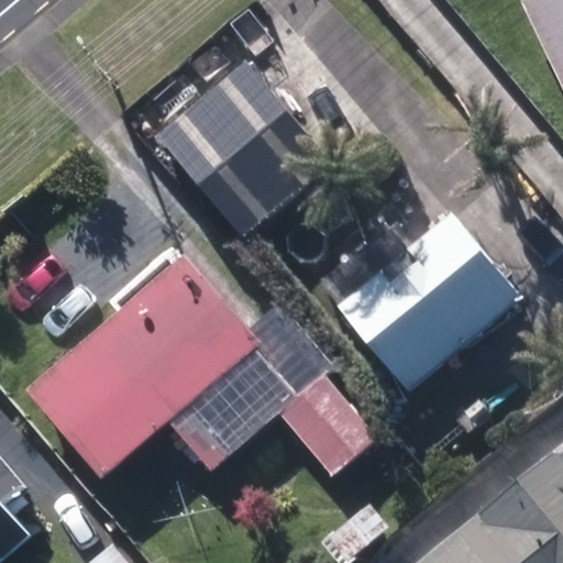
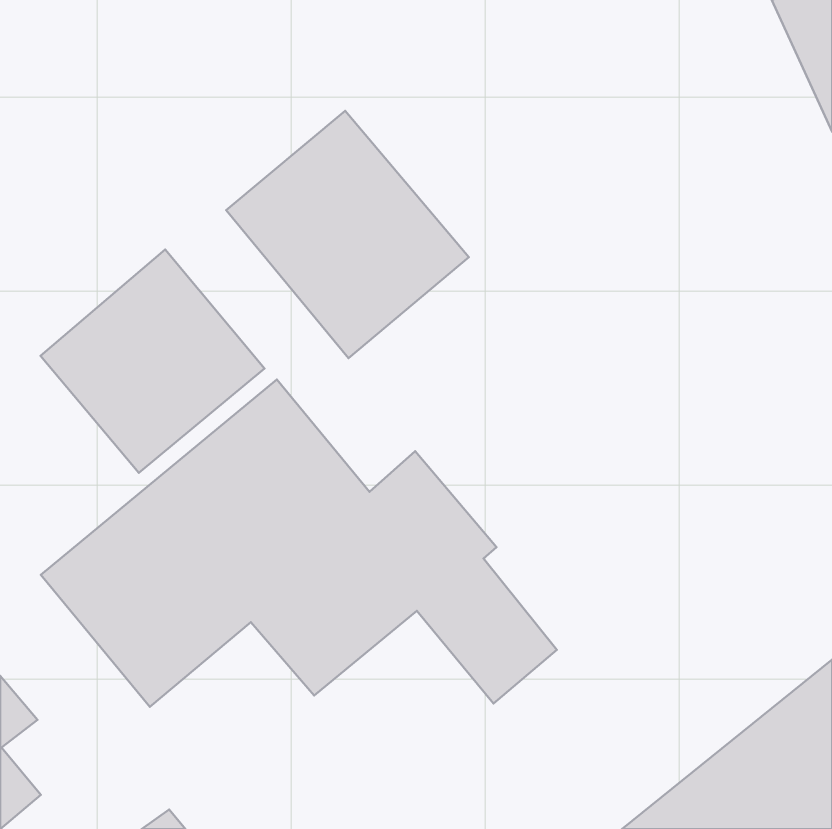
building: none -> [40,250,265,473]
building: [328,198,522,391] -> none

